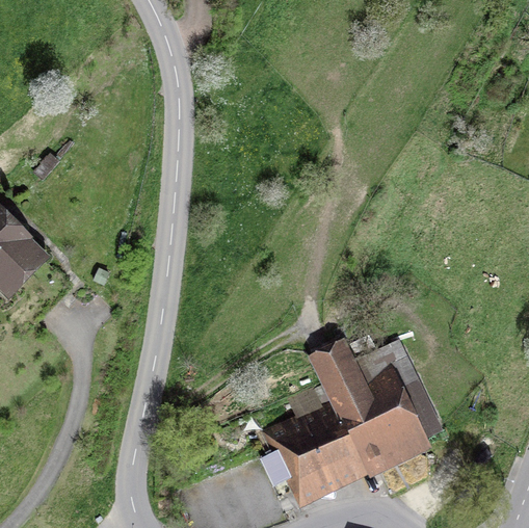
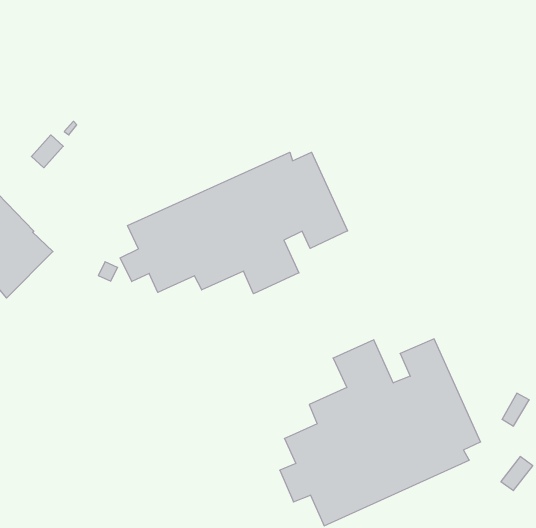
building: none -> [120,152,348,294]

